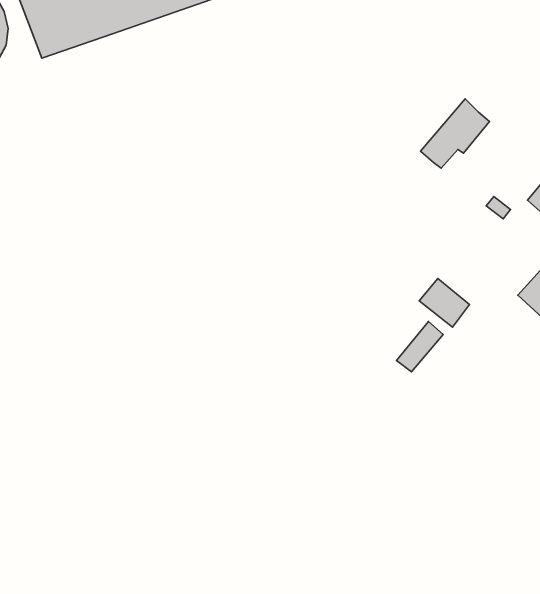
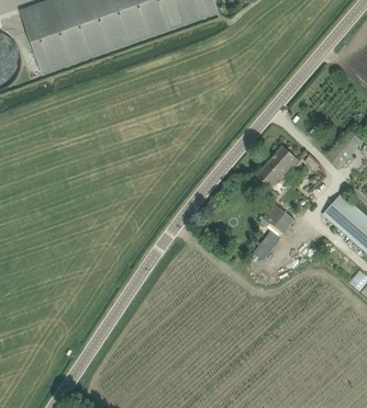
building: [421,99,490,168] -> [256,145,297,185]

